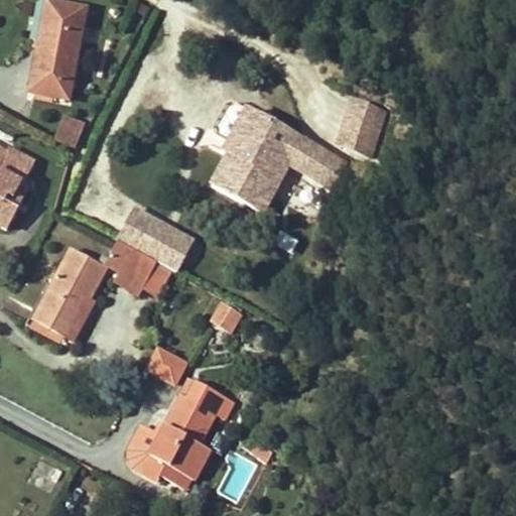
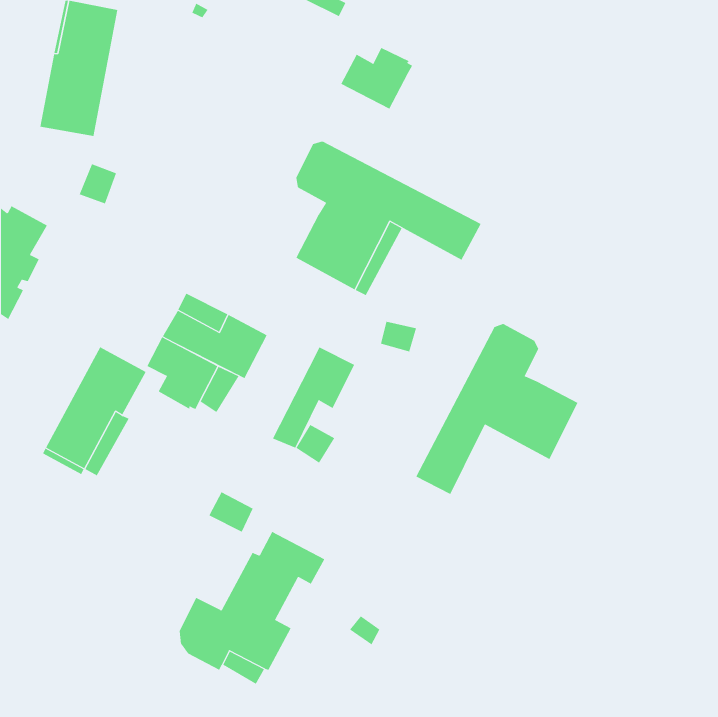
building: none -> [341,47,413,110]
building: [339,100,384,153] -> none
building: none -> [416,323,578,495]
building: none -> [272,347,355,448]

